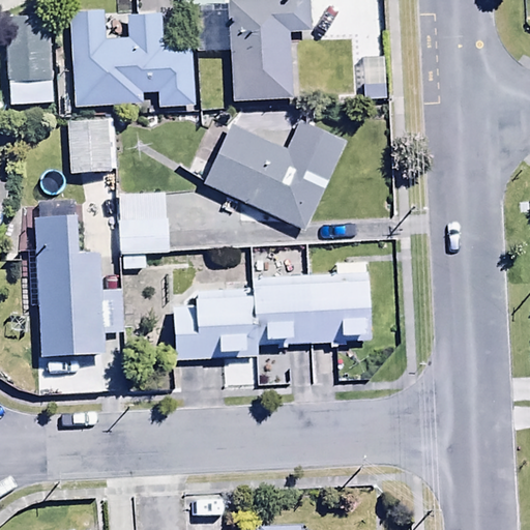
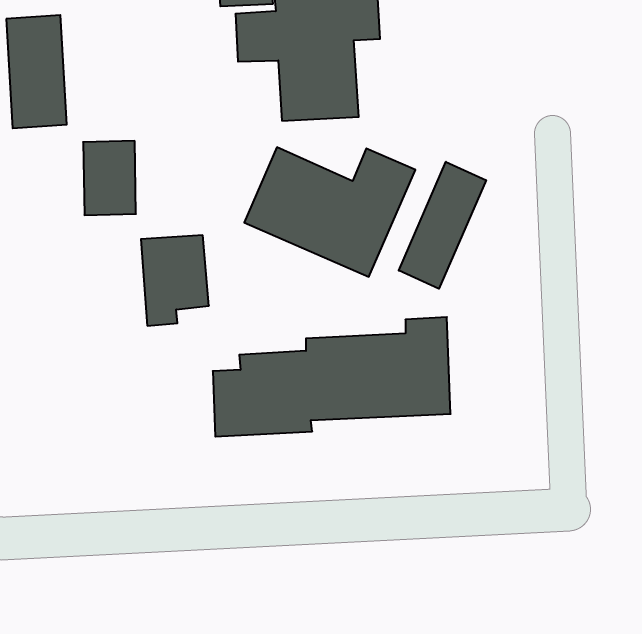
building: [69,6,197,107] -> none
building: none -> [399,162,486,289]
building: [33,219,106,359] -> none

